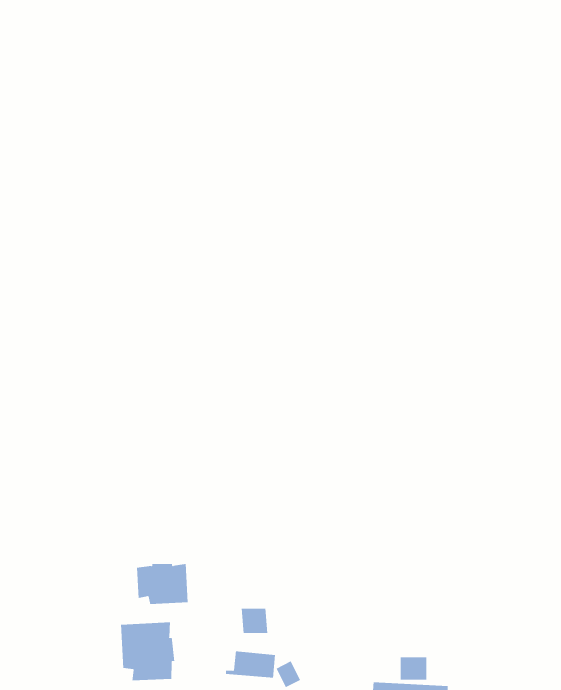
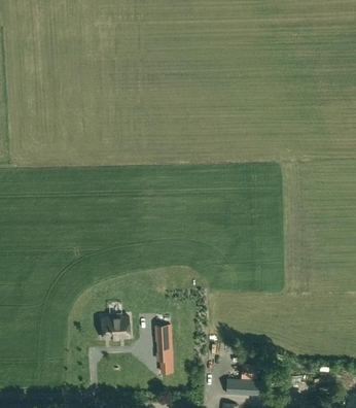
building: [121,622,175,681] -> none

